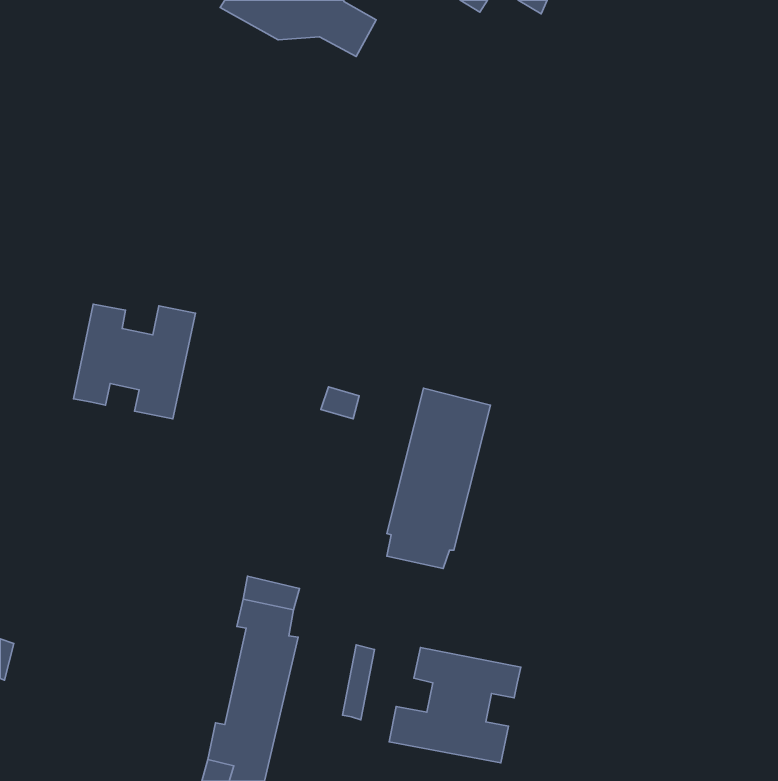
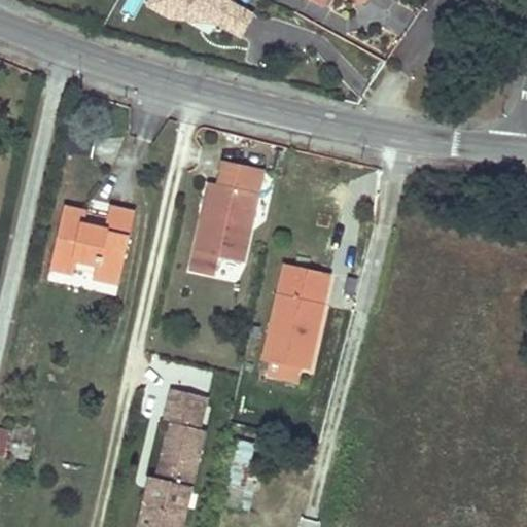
building: none -> [188,156,260,276]
building: [389,647,521,763] -> none

